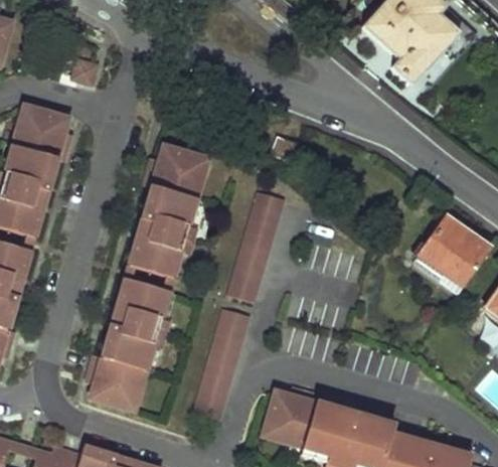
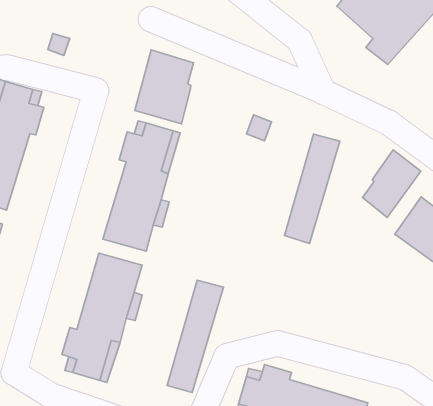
building: none -> [135,50,193,124]
building: none -> [362,150,421,217]
building: [228,188,284,298] -> [285,134,340,244]

